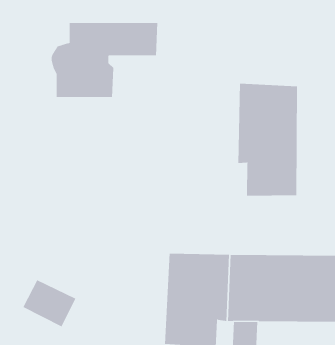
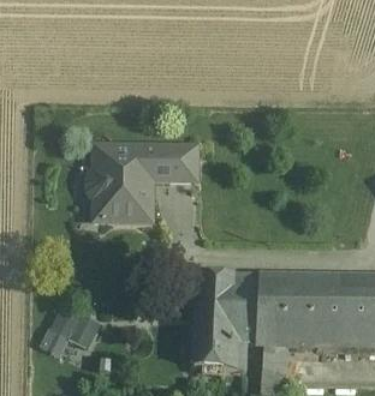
building: [51,22,158,98] -> [88,146,196,222]
building: [238,83,298,196] -> none

